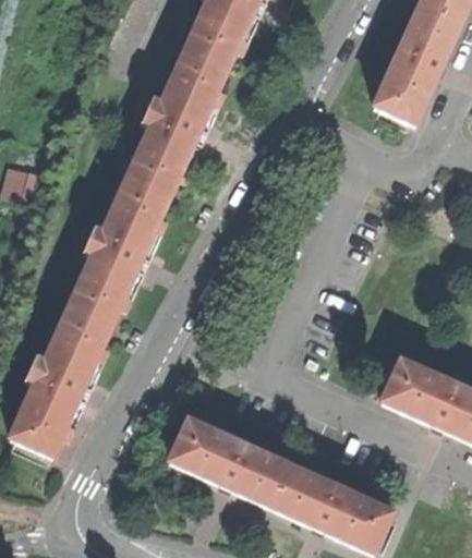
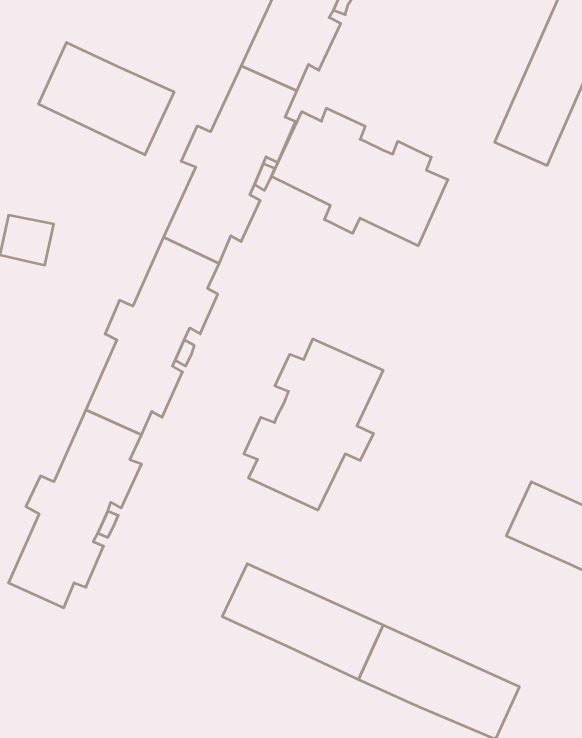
building: none -> [39,42,174,155]
building: none -> [271,108,448,246]
building: none -> [244,339,383,510]

